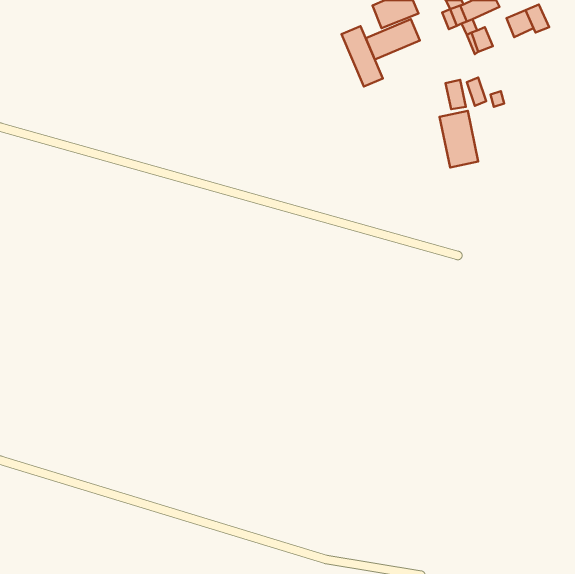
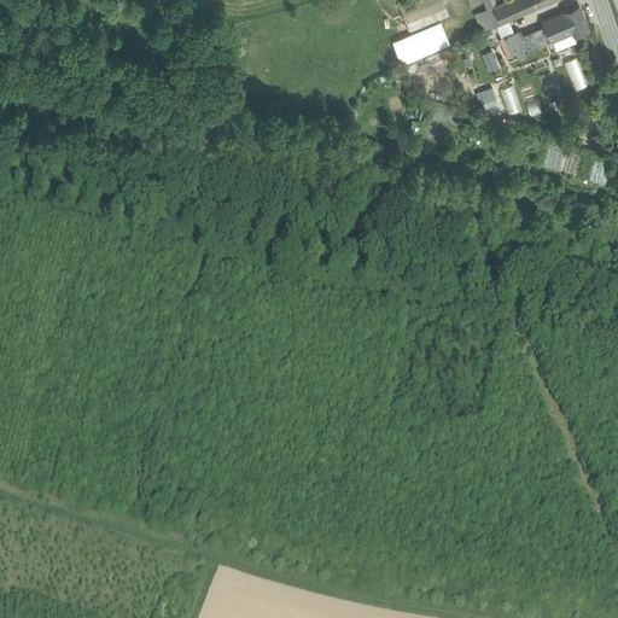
building: [342,26,383,87] -> none
building: [440,111,478,167] -> none

